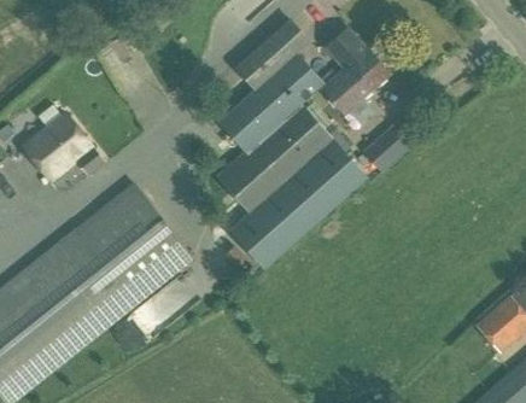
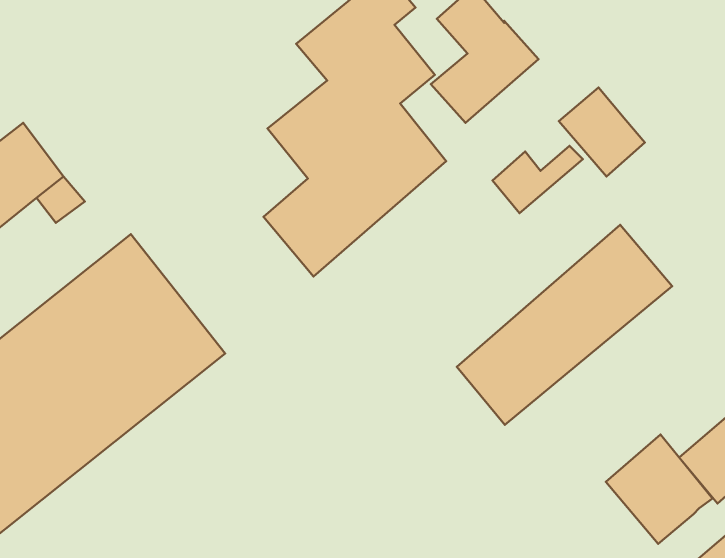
building: none -> [559,87,645,177]
building: [228,139,363,264] -> [457,225,672,425]
building: none -> [606,434,713,544]

